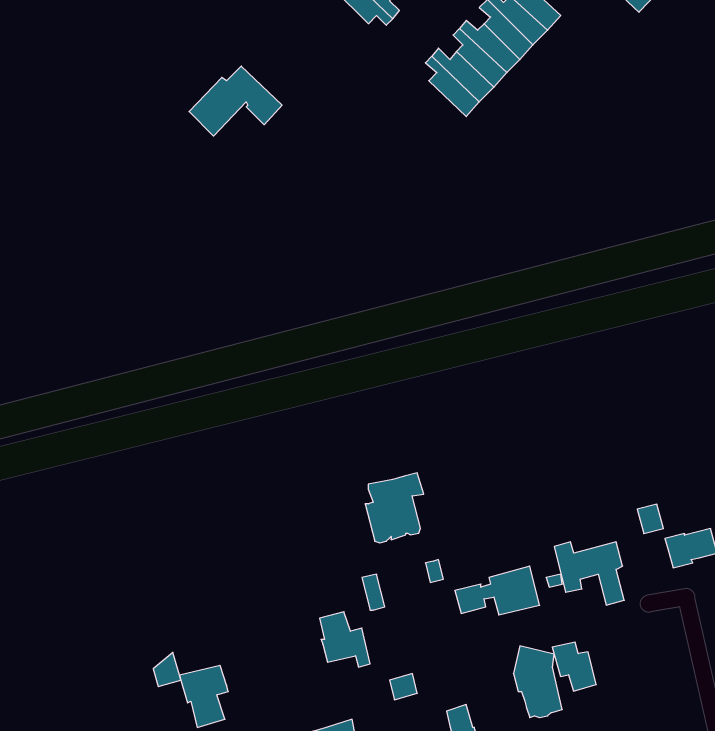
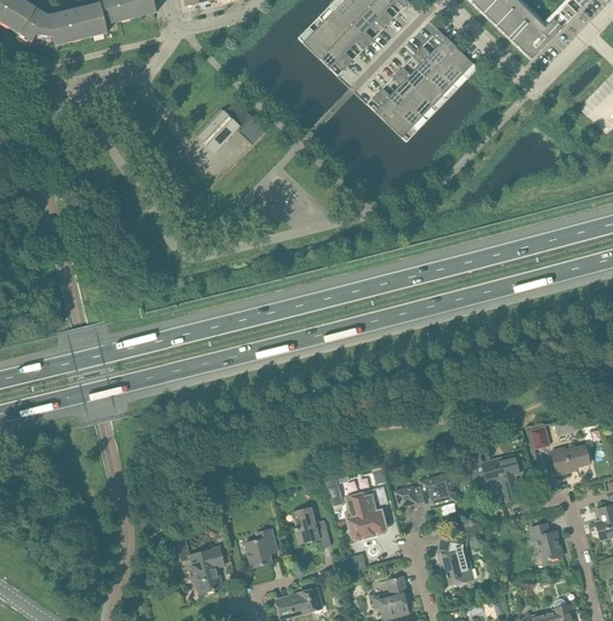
building: [365,473,424,543] -> [344,486,387,539]
building: none -> [244,528,277,566]
building: [552,642,596,691] -> [529,523,562,559]

